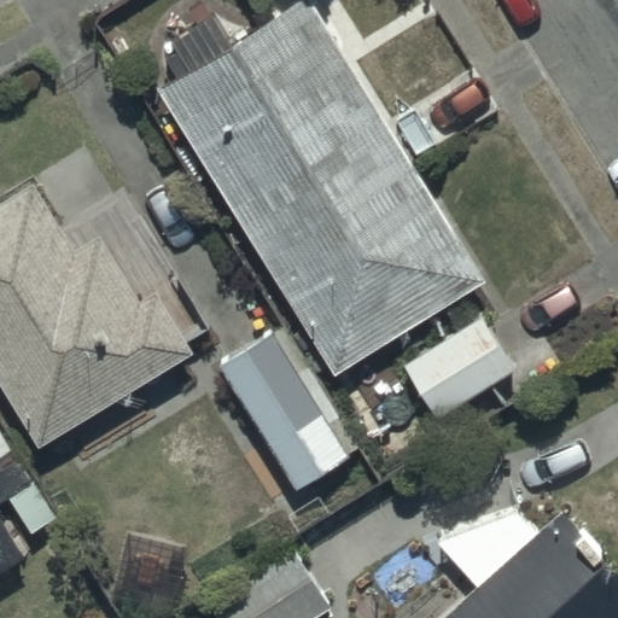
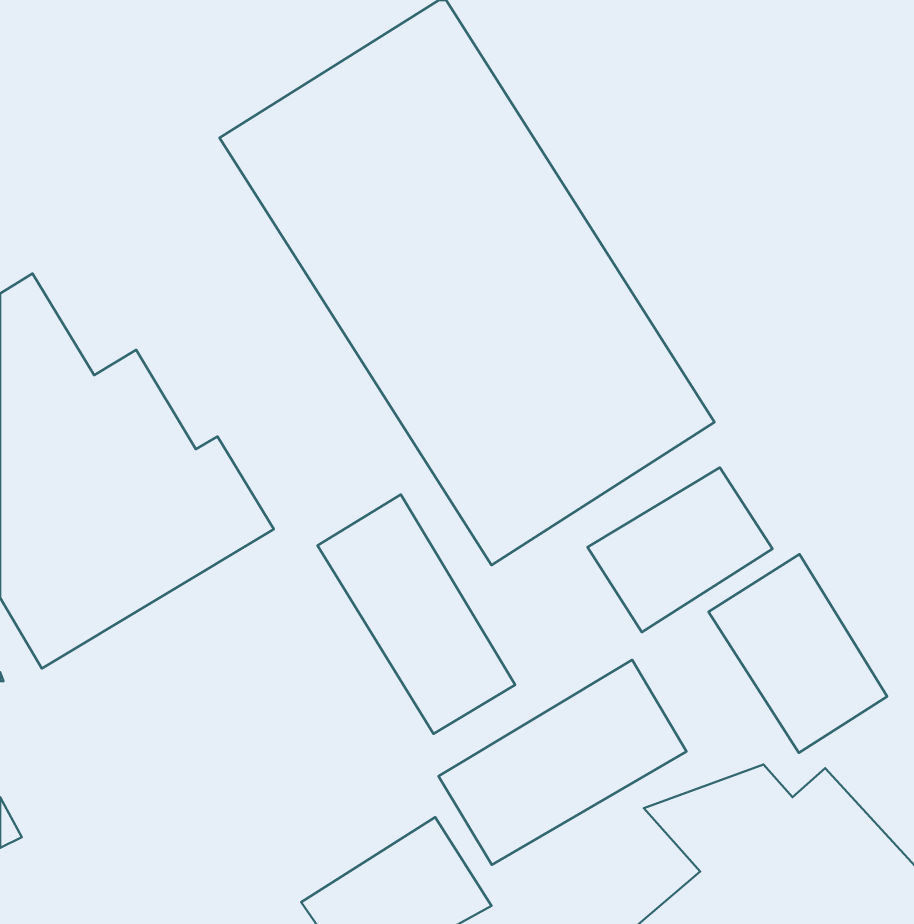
building: none -> [709,554,887,753]
building: none -> [439,660,687,865]

